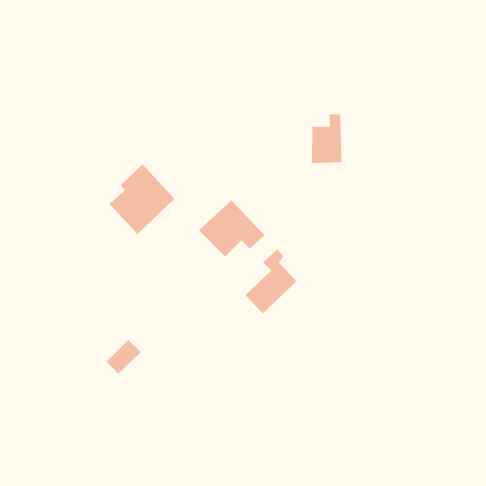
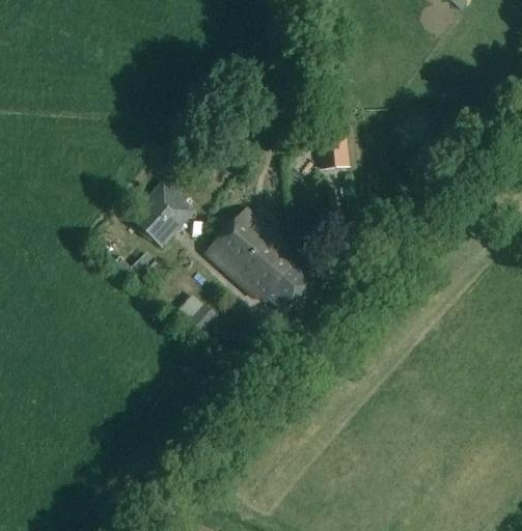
building: none -> [207,237,294,296]
building: [106,339,142,375] -> [183,303,216,337]

